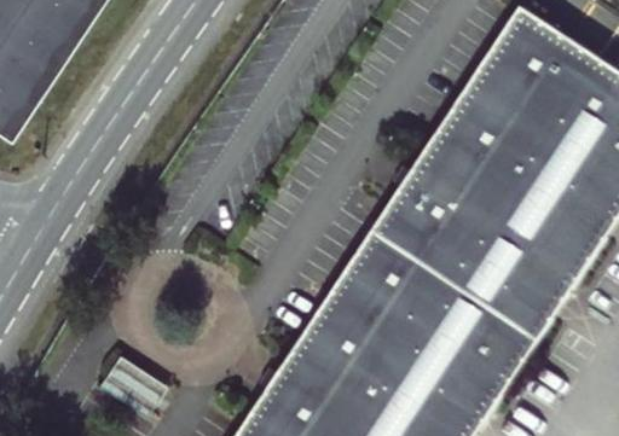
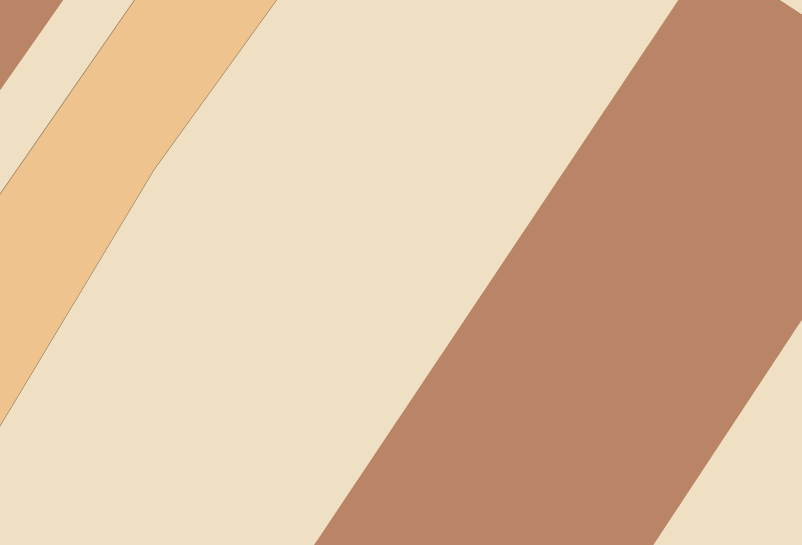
building: [105,356,167,411] -> none

